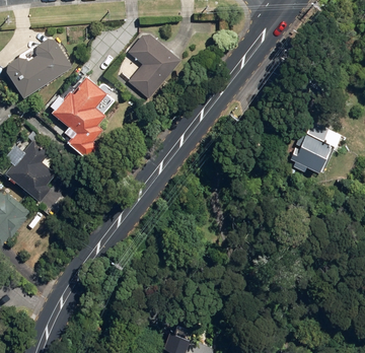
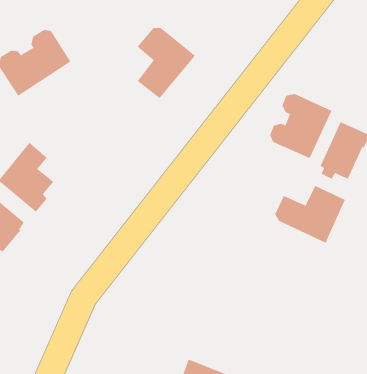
building: [47,75,116,158] -> none
building: none -> [269,93,332,159]
building: none -> [274,185,345,244]

